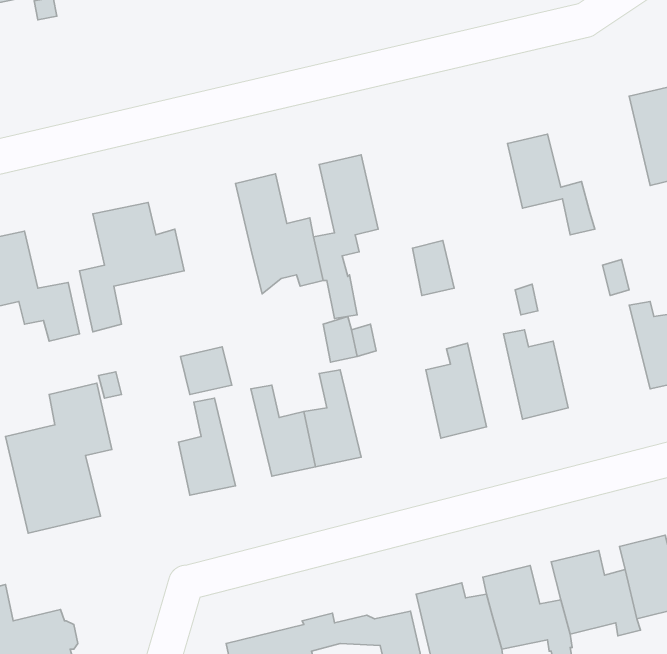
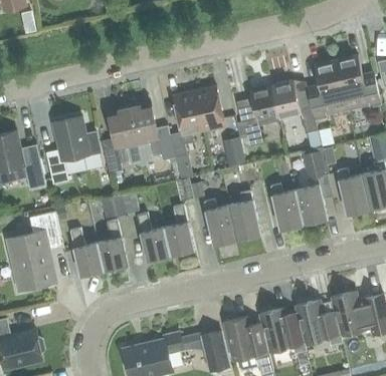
building: none -> [307,60,347,120]
building: none -> [244,85,279,145]
building: none -> [194,86,224,130]
building: none -> [102,106,142,172]
building: none -> [296,151,327,225]
building: none -> [203,199,236,246]
building: none -> [69,228,104,277]

